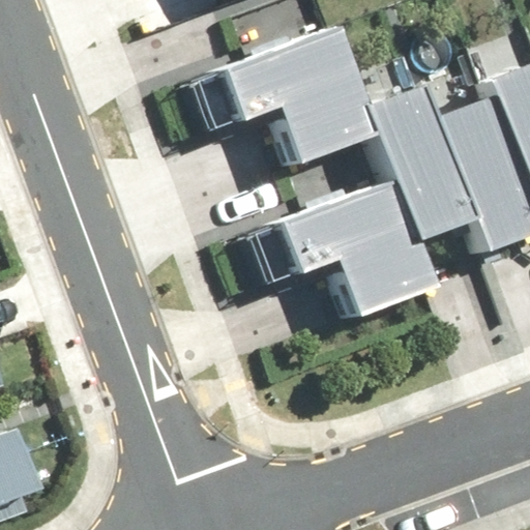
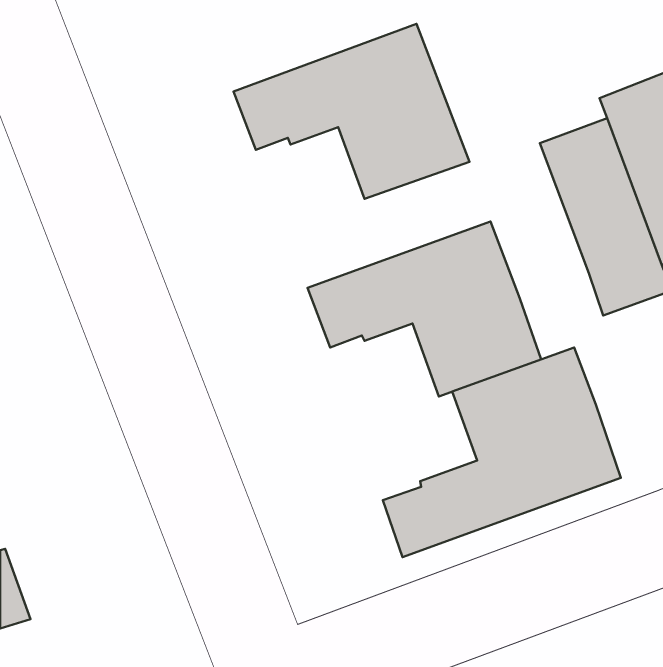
building: [367,87,471,241] -> none
building: none -> [383,348,621,557]

